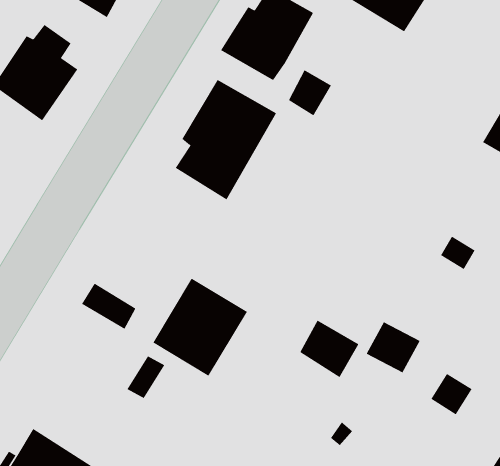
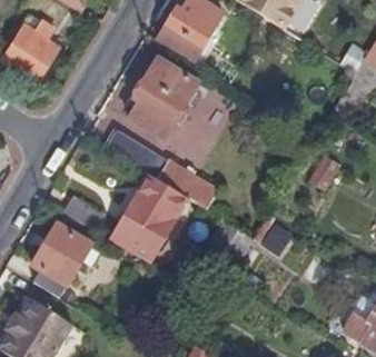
building: none -> [106,129,220,210]
building: none -> [31,221,90,297]

